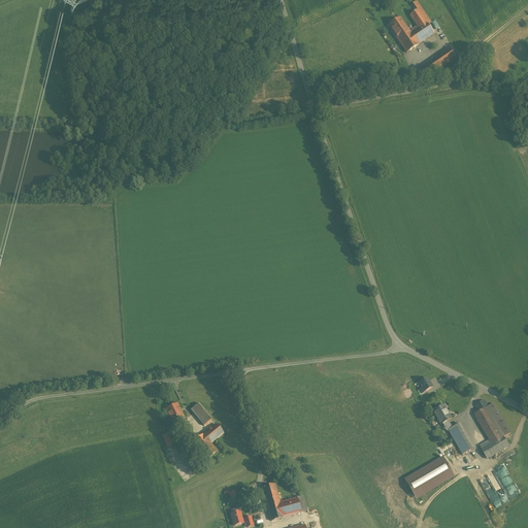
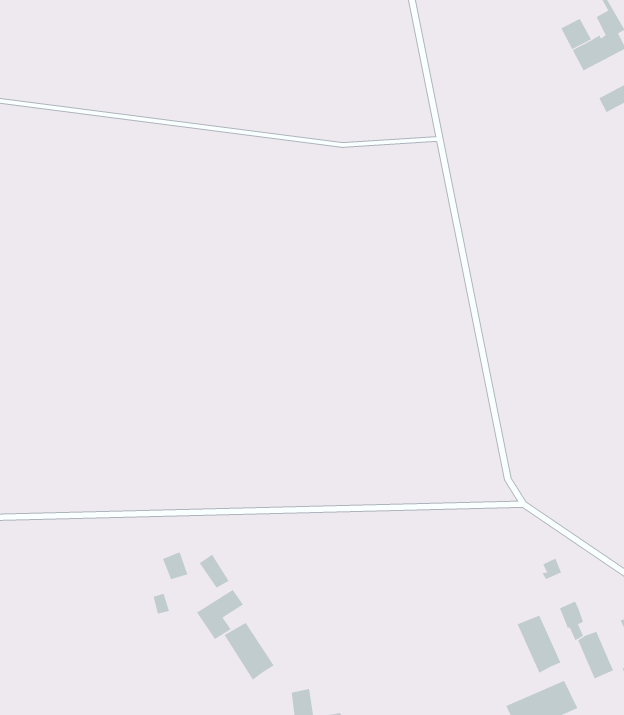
building: none -> [517,615,561,674]
building: none -> [224,622,274,681]

